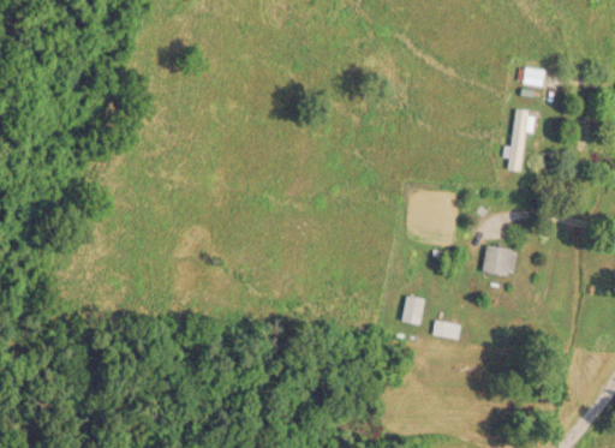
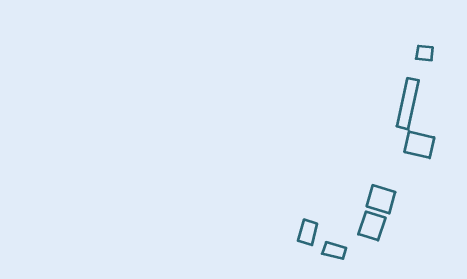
building: none -> [405,131,434,158]
building: none -> [358,212,385,240]

